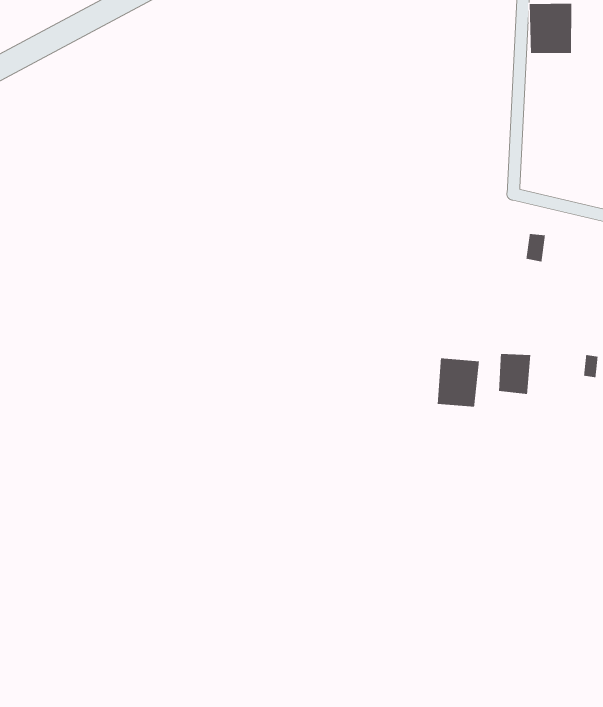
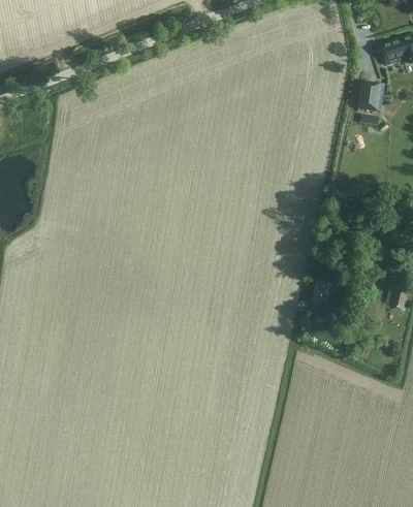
building: [437,357,480,408] -> none

